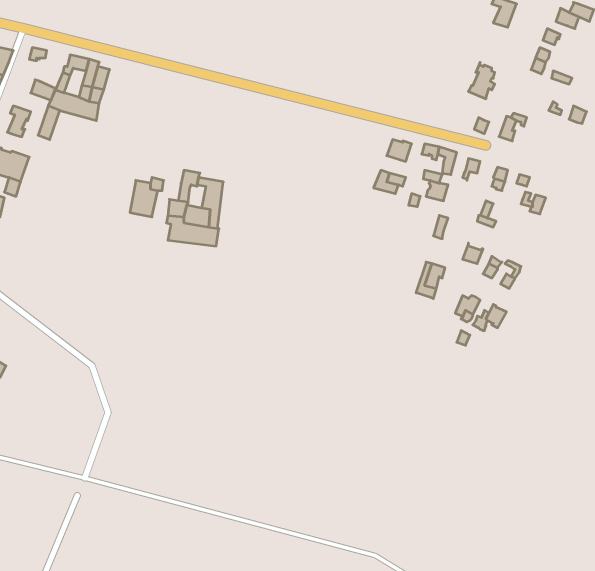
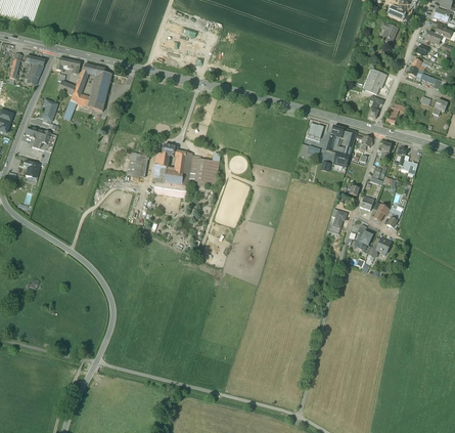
building: none -> [193,158,218,186]

